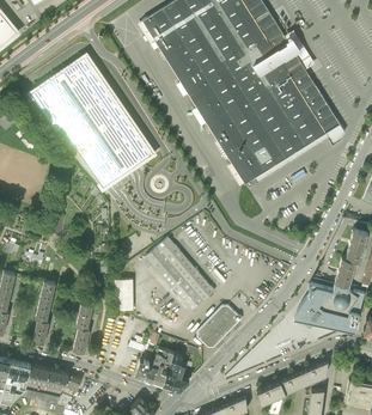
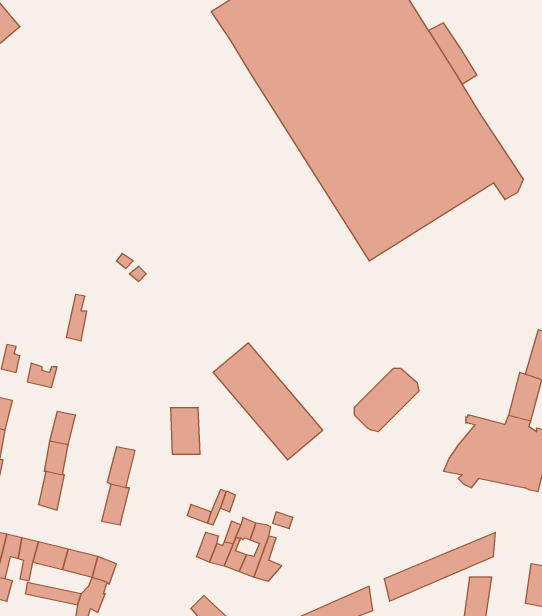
building: [30,54,154,188] -> none
building: [197,305,239,346] -> [354,368,419,432]

